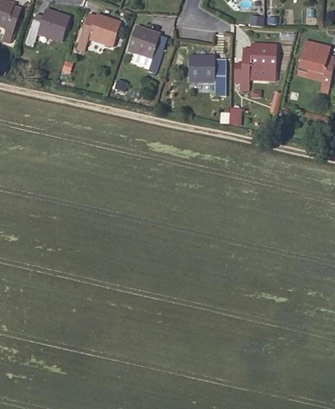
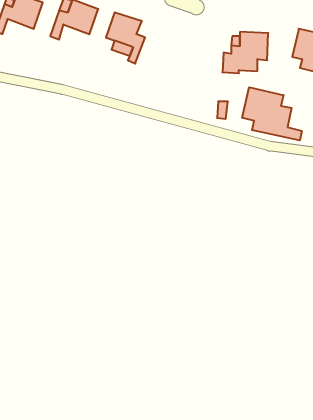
building: [188,56,222,95] -> none
building: none -> [242,87,302,140]

